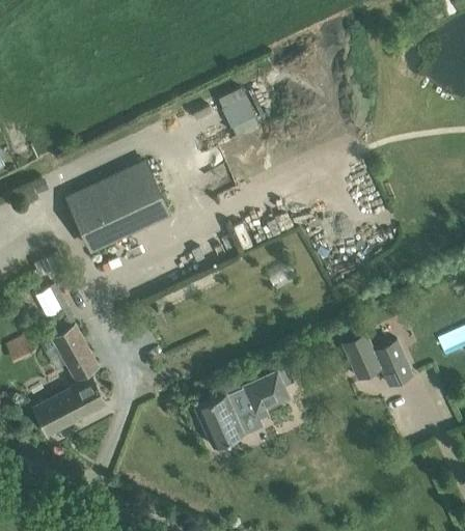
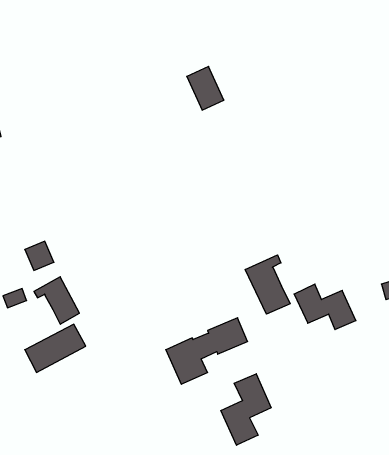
building: [67,163,168,250] -> none
building: none -> [245,255,290,314]
building: none -> [221,374,271,445]

